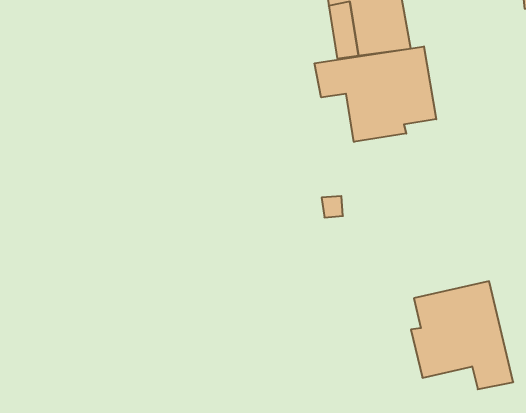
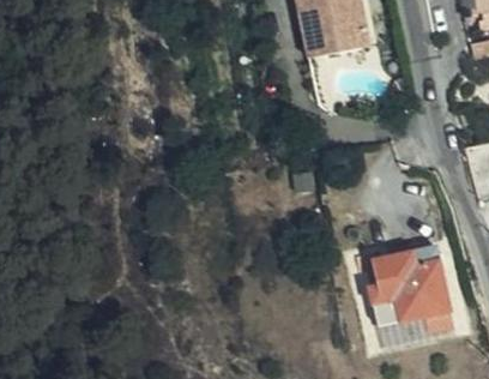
building: [315,46,436,142] -> none

